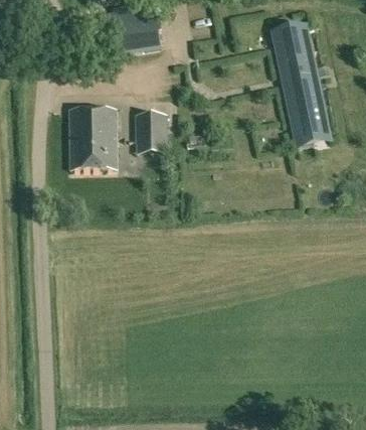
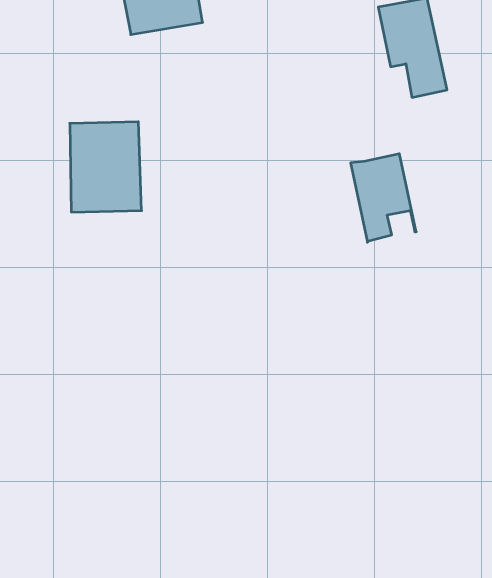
building: [286,87,329,145] -> [351,154,416,242]
building: [136,113,167,153] -> none

